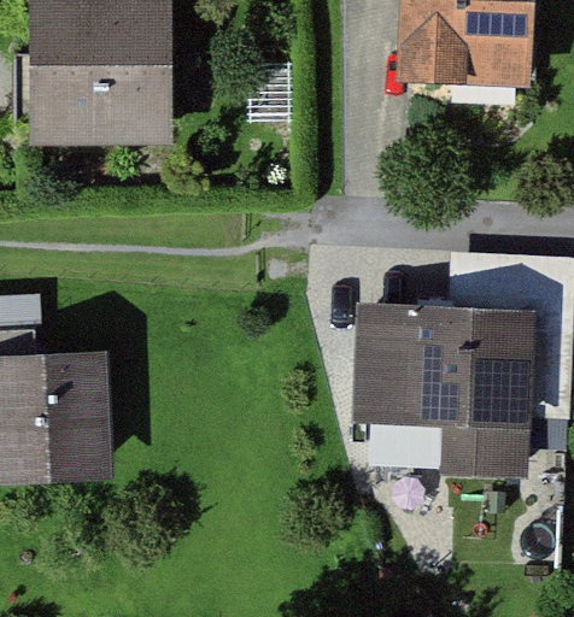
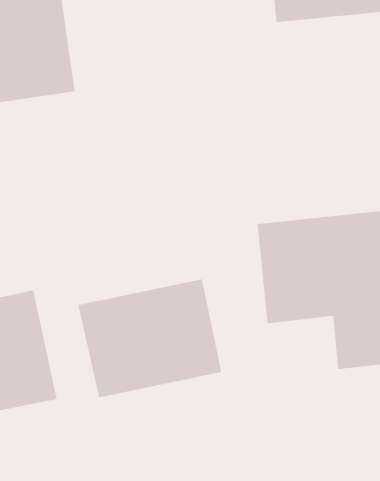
building: none -> [78,278,222,398]

